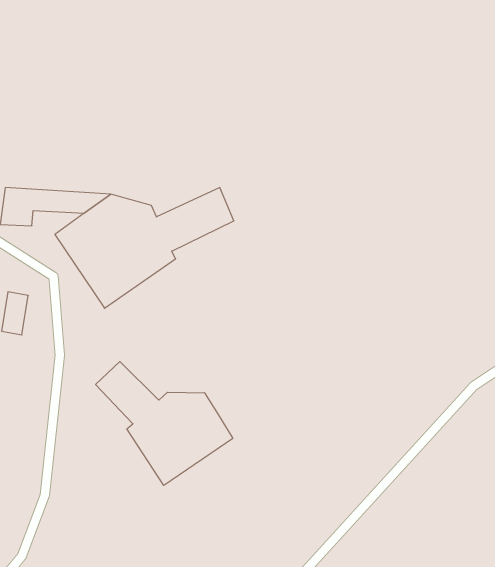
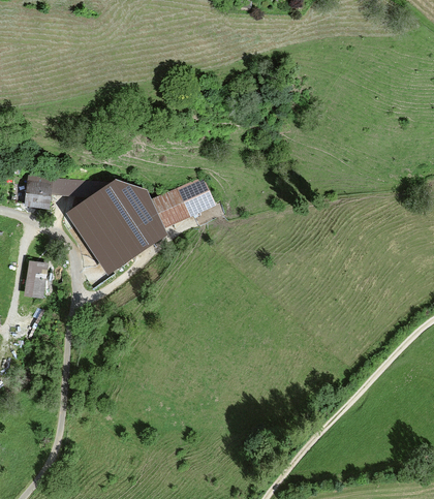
building: [96,362,233,485] -> none

